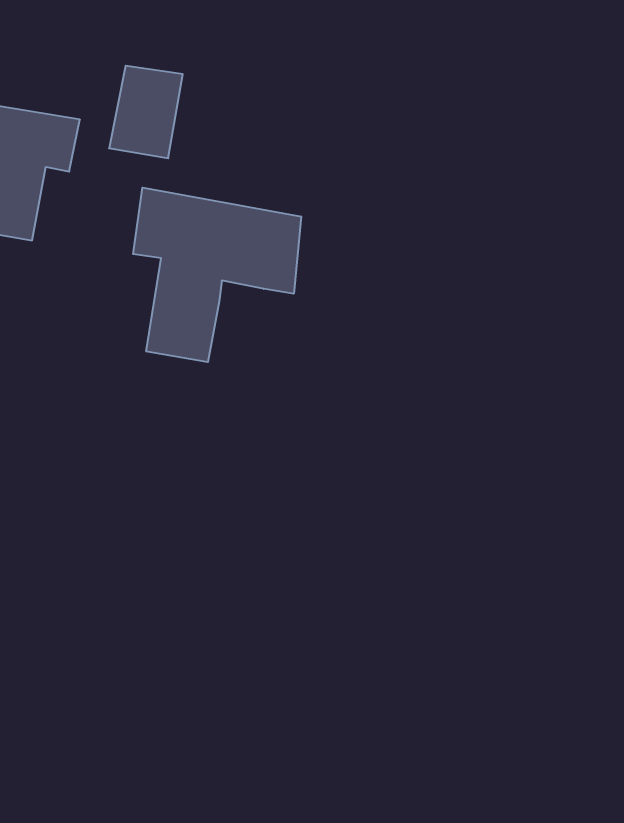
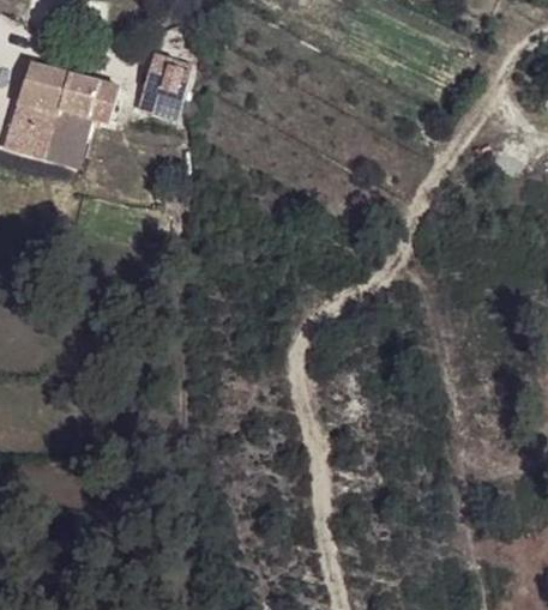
building: [133,188,301,362] -> none

